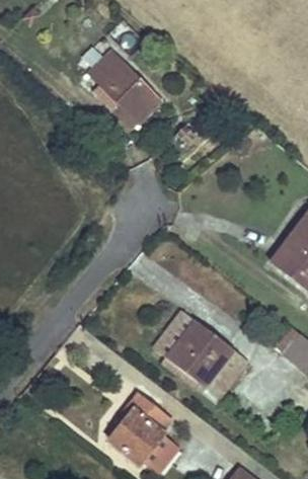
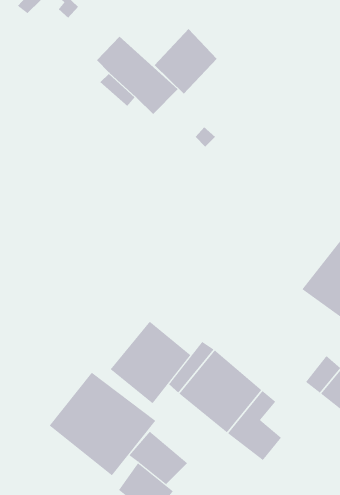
building: none -> [154,28,218,94]
building: none -> [110,321,191,404]
building: none -> [49,372,156,476]

